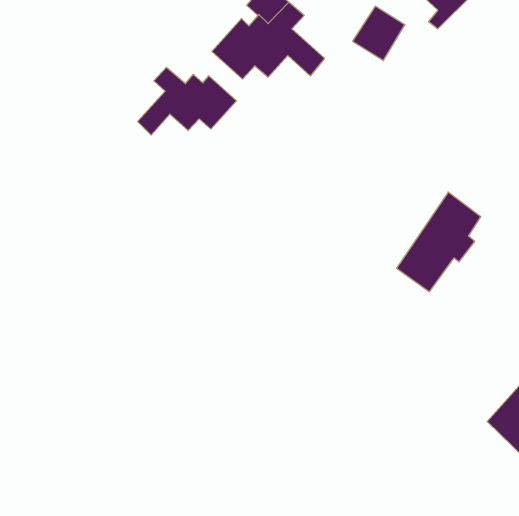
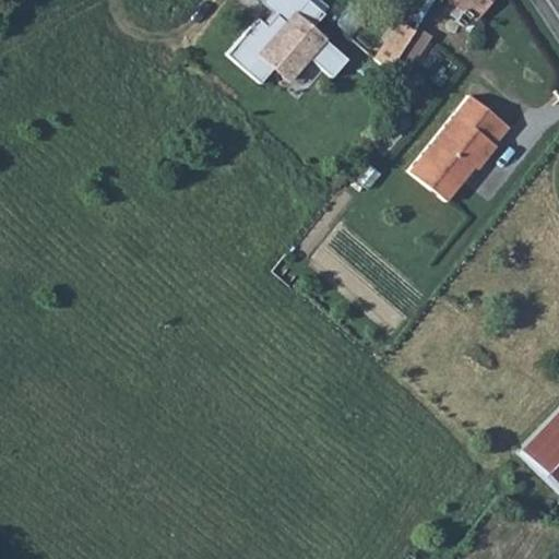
building: [138,67,237,135] -> none
building: [397,192,481,292] -> [414,93,503,199]

